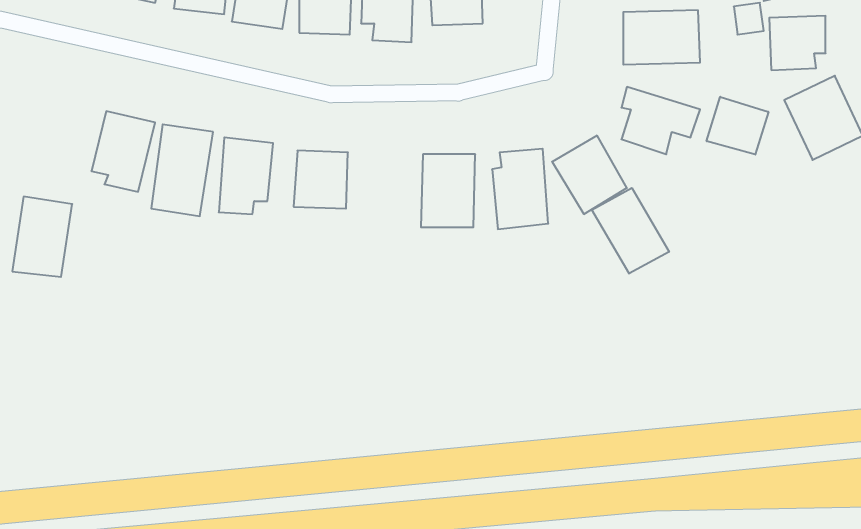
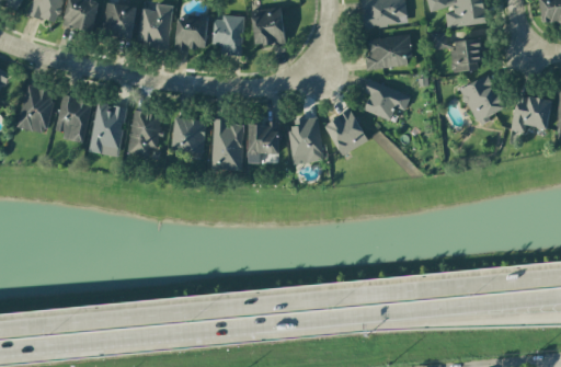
building: [707,97,768,155] -> none
building: none -> [211,119,243,170]
building: [592,188,669,274] -> none
building: [12,197,72,277] -> [19,85,54,133]

